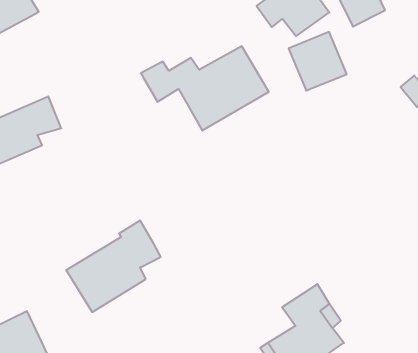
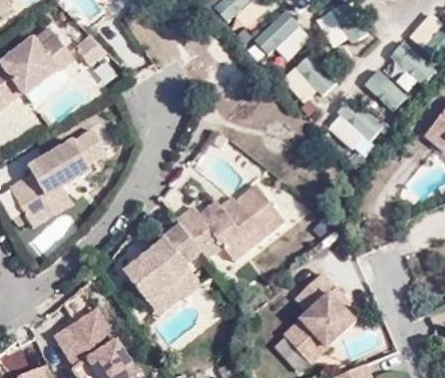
building: [141,46,269,131] -> [175,190,284,264]
building: none -> [326,93,382,148]

